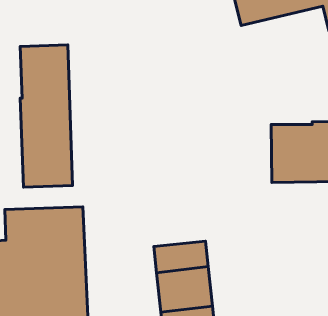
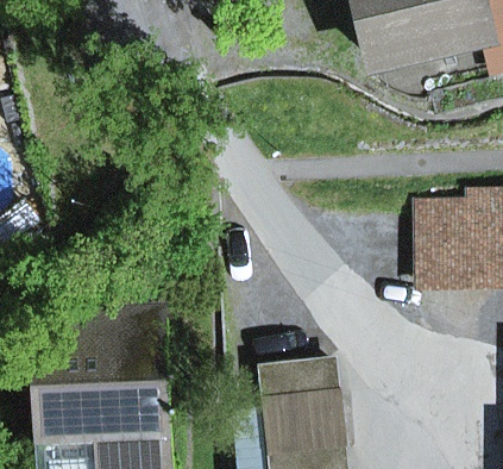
building: [20,45,73,187] -> none

